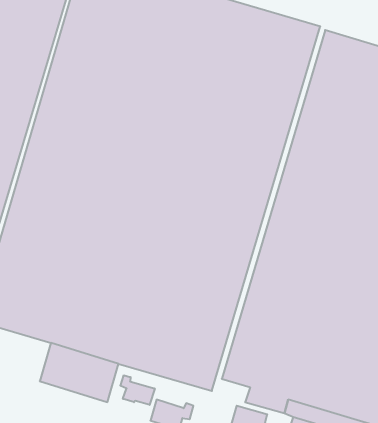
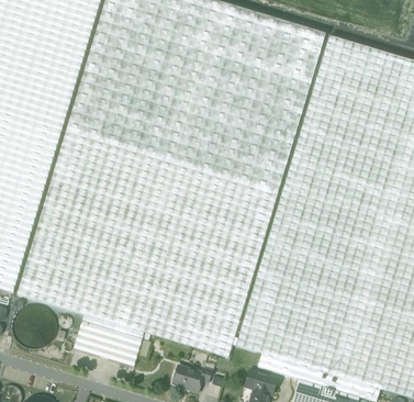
building: [120,375,155,405] -> none

